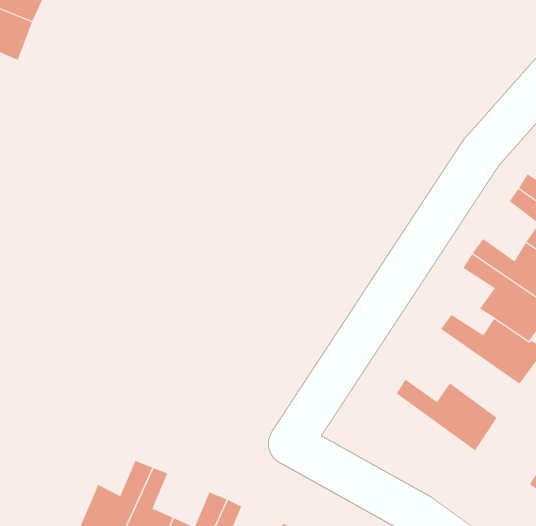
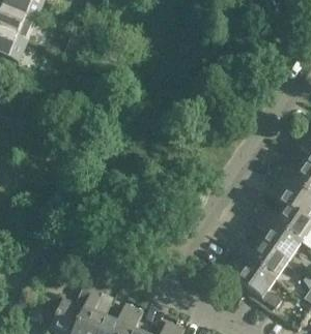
building: none -> [250,212,300,262]
building: none -> [224,248,281,308]

